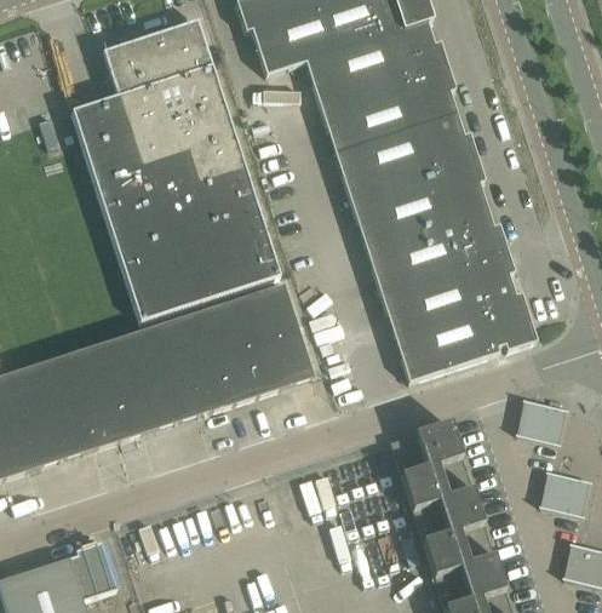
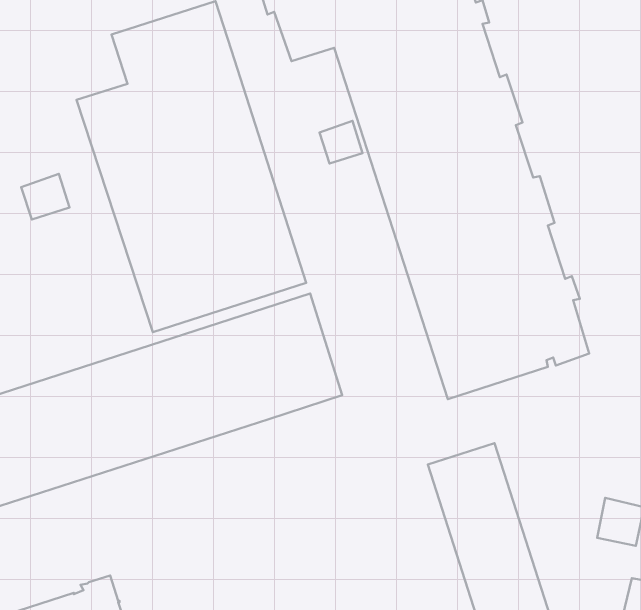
building: none -> [320,121,362,164]
building: none -> [21,174,69,220]
building: [521,399,563,441] -> none

